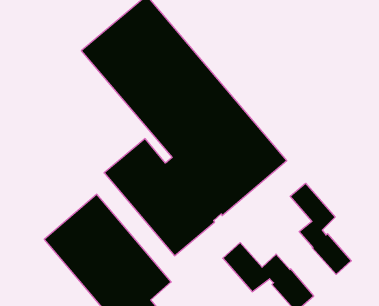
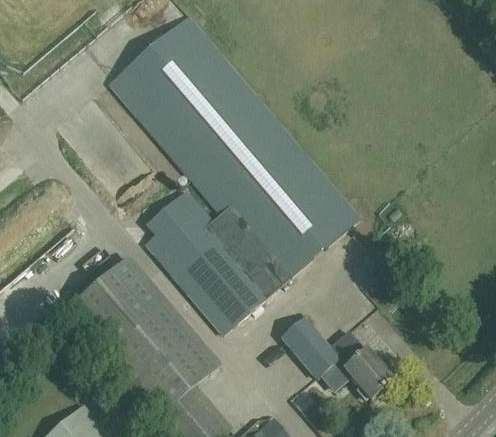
building: [290,183,351,274] -> none

